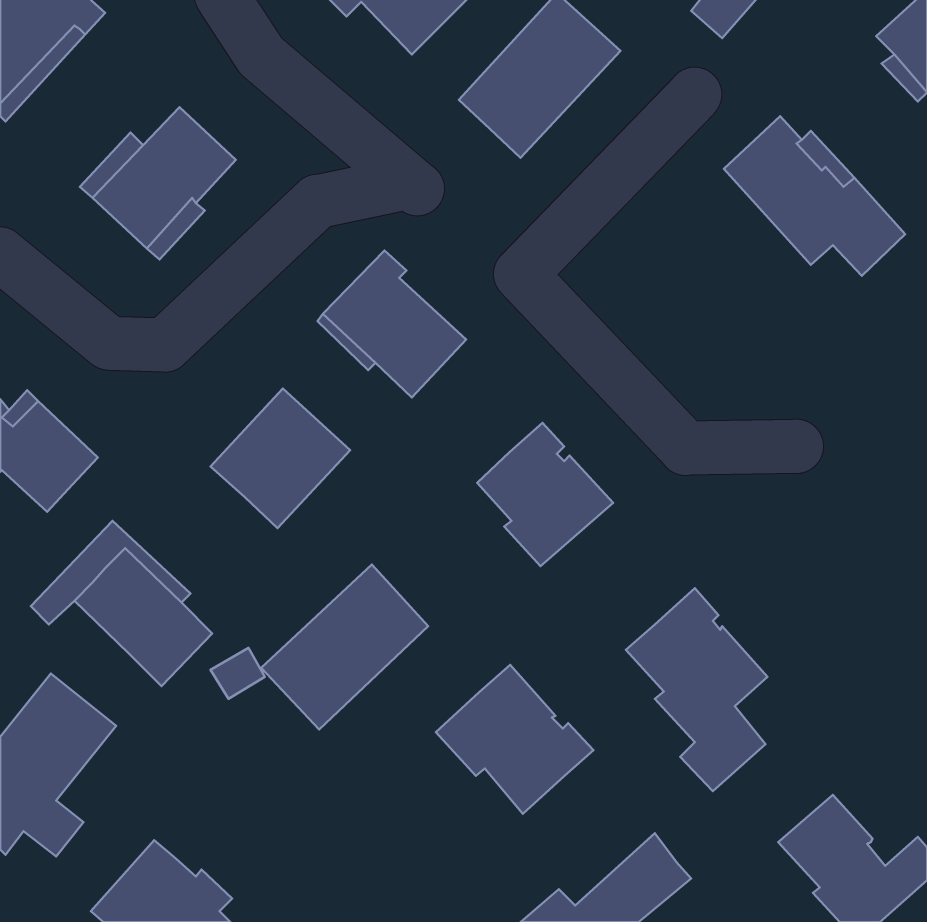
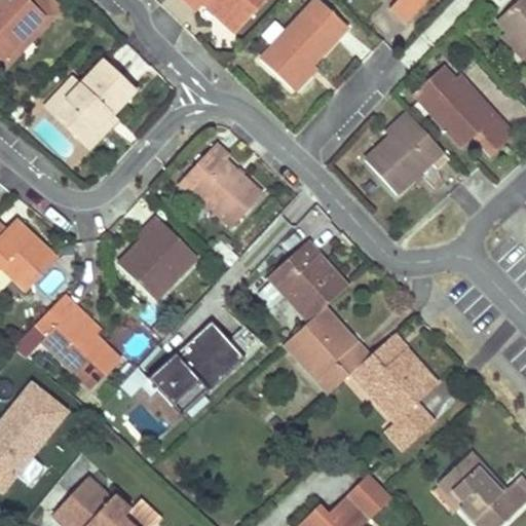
building: none -> [363,112,448,195]
building: [436,665,594,814] -> [281,305,371,389]

